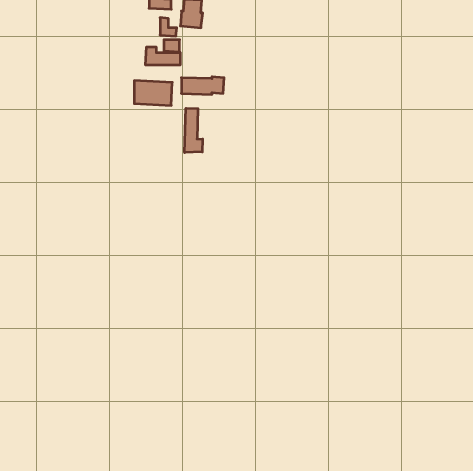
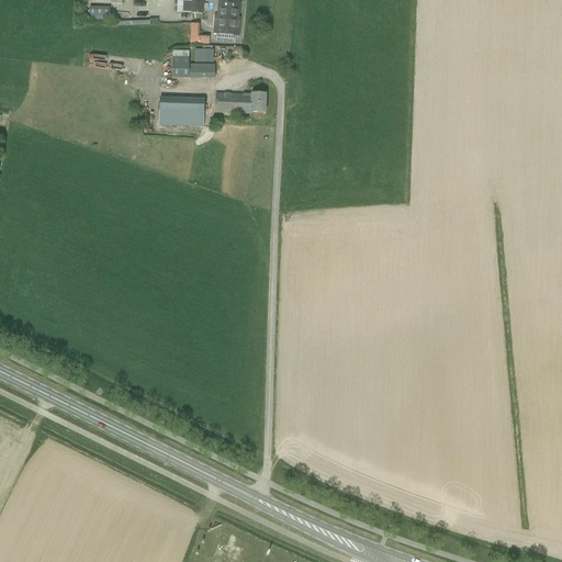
building: [185,108,203,153] -> none

